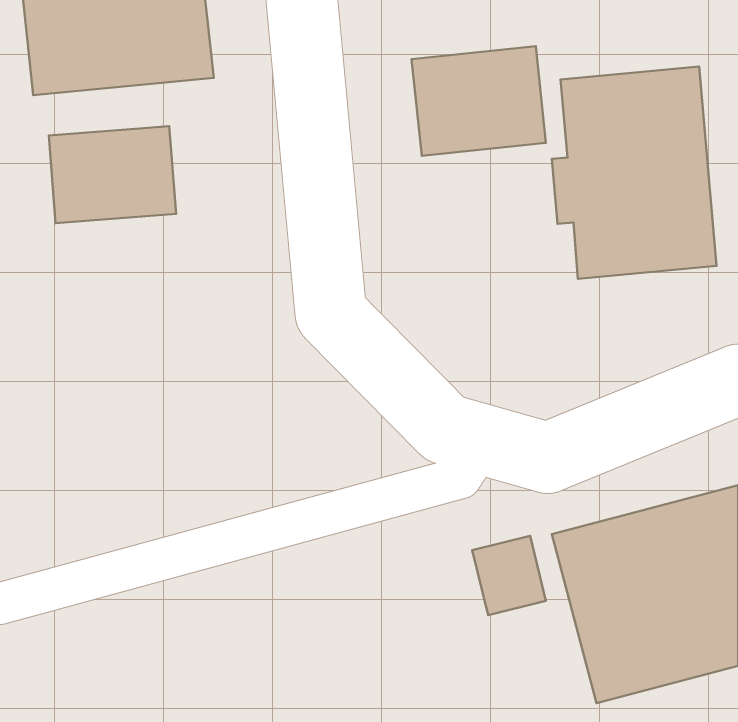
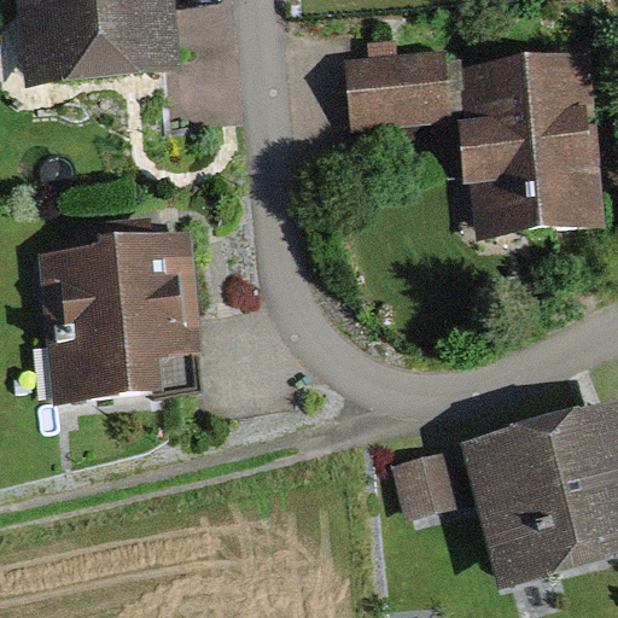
building: [49,126,176,223] -> none
building: none -> [42,229,198,398]

